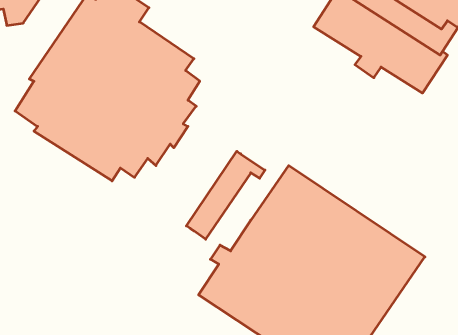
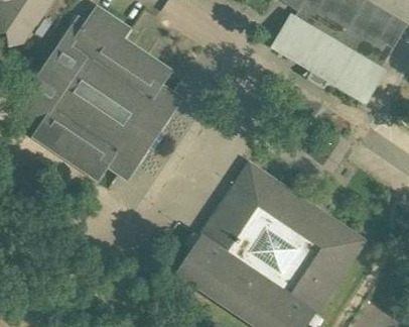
building: [186,151,265,239] -> none

